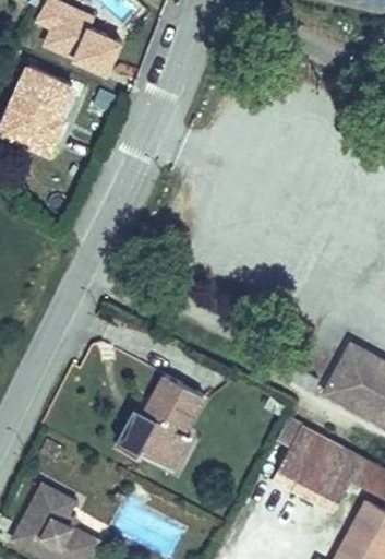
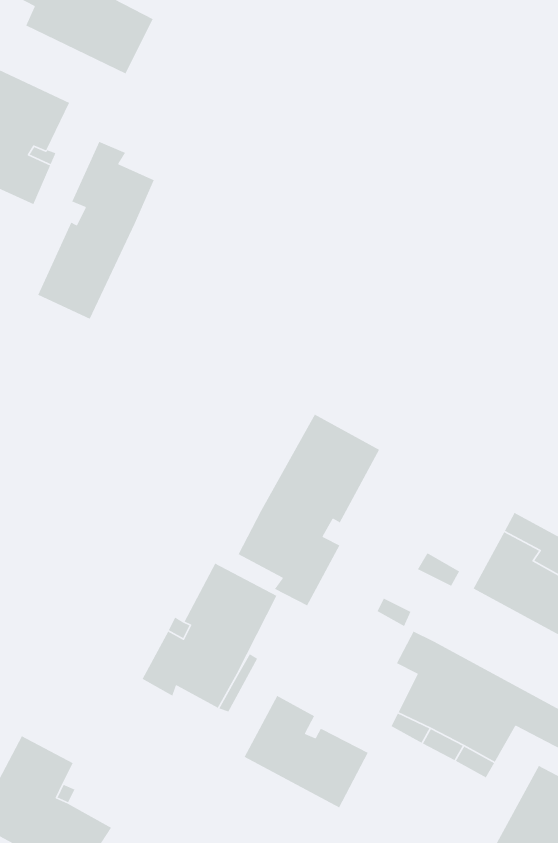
building: none -> [37,141,155,320]
building: none -> [237,413,380,606]
building: none -> [244,695,369,809]

